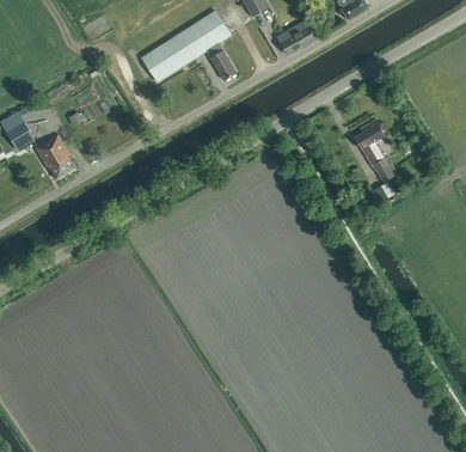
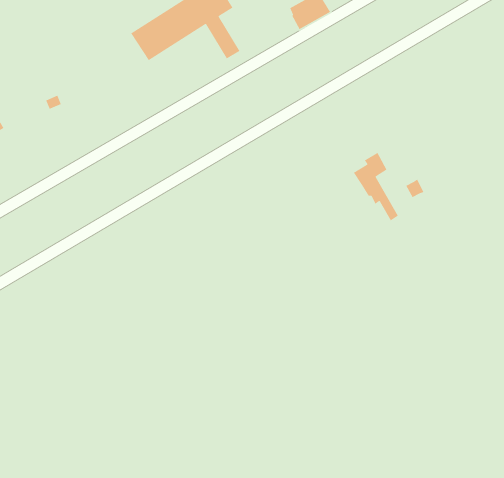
building: [354,120,393,179] -> [353,152,399,222]
building: [35,134,75,179] -> none

